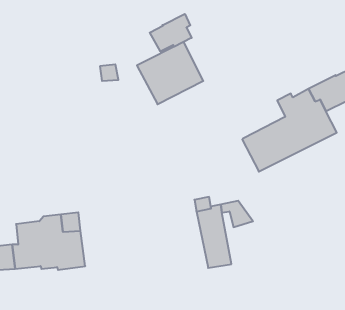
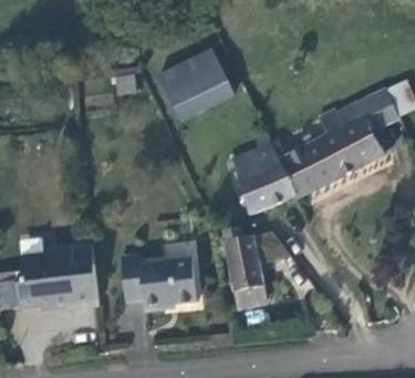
building: [150,14,192,51] -> none
building: none -> [231,143,295,216]
building: none -> [120,253,197,310]

